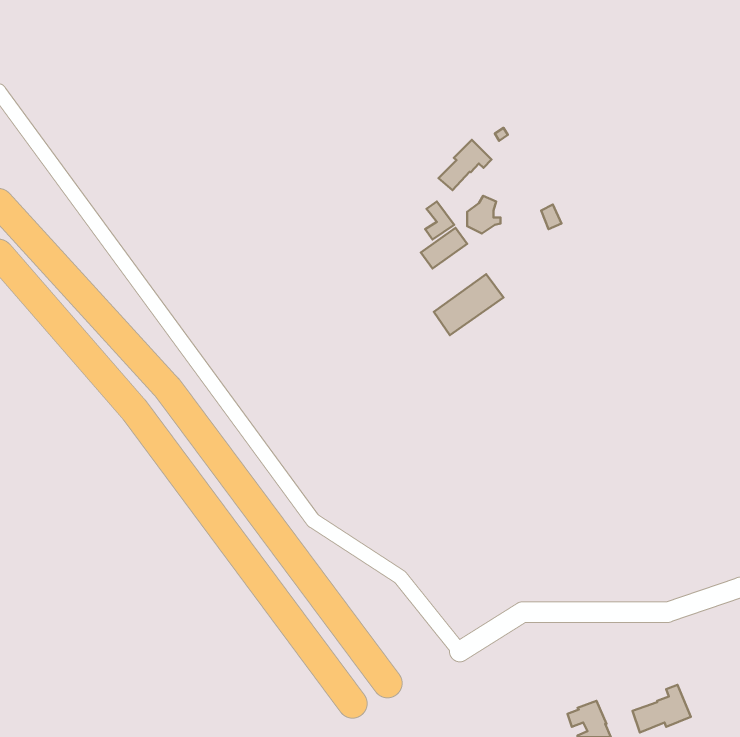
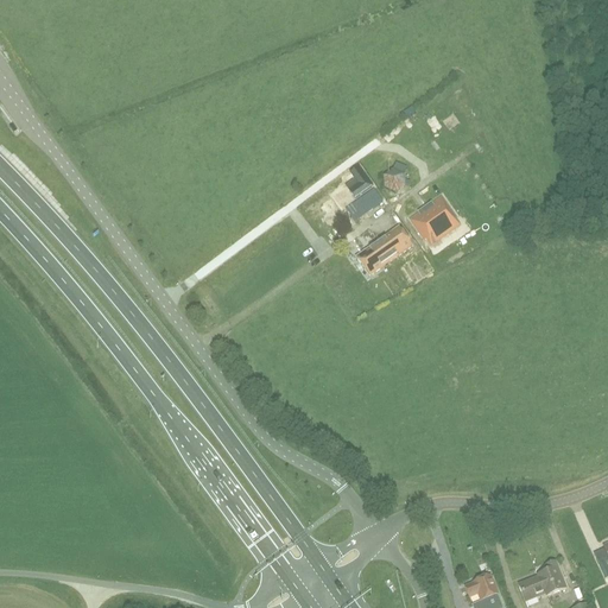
building: [439,140,492,190] -> none
building: none -> [407,195,456,241]

